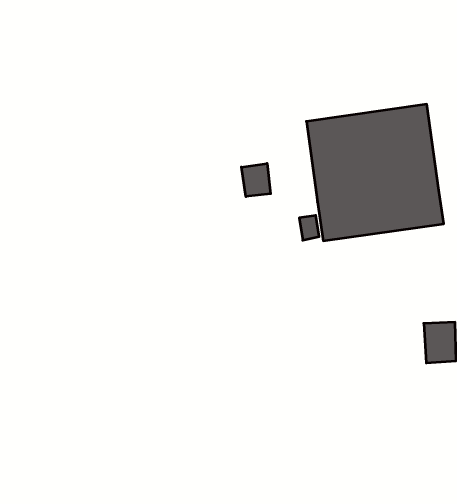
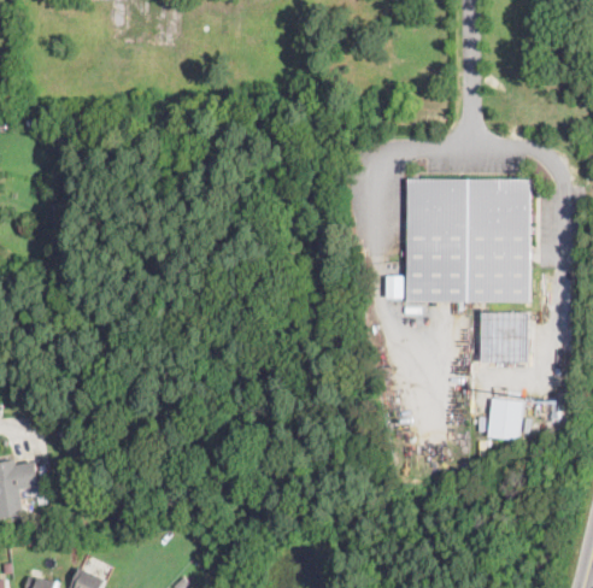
building: [241,163,271,197] -> none
building: none -> [480,312,528,363]

